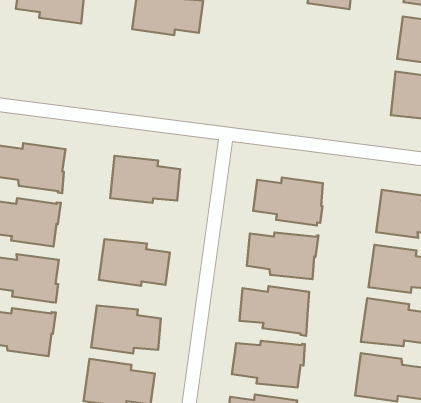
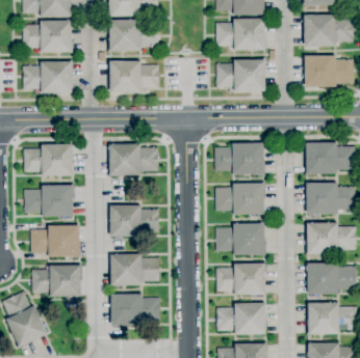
building: none -> [215,18,265,51]
building: none -> [22,61,71,93]
building: none -> [109,61,158,92]
building: none -> [215,58,265,90]

